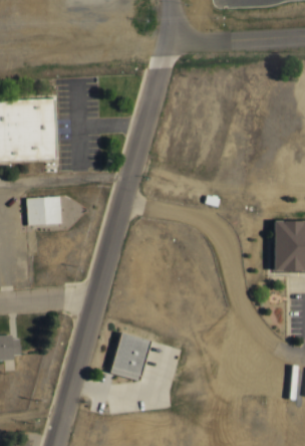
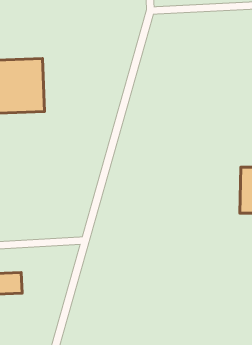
building: [25,194,60,223] -> none
building: [107,330,147,379] -> none

